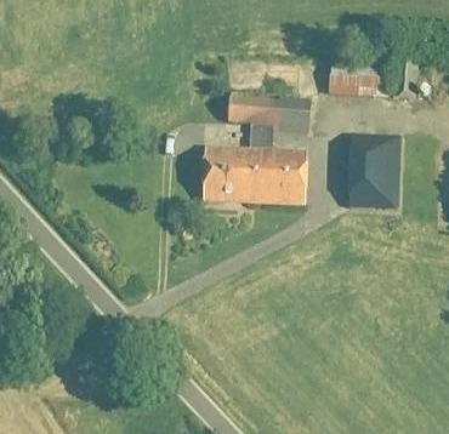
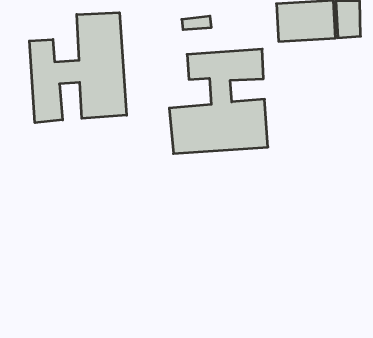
building: none -> [29,13,127,123]
building: [349,136,407,205] -> none

